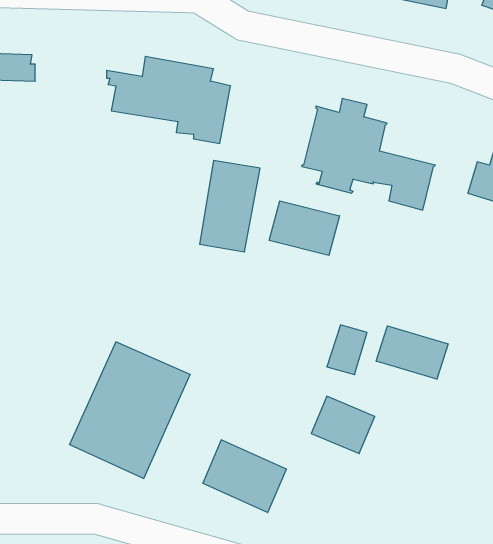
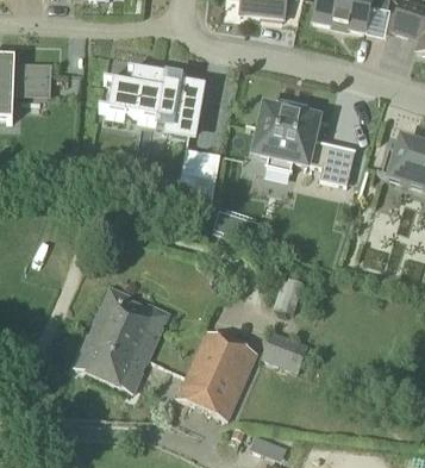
building: [269,201,340,255] -> none
building: [376,326,448,379] -> none
building: none -> [192,329,256,385]

